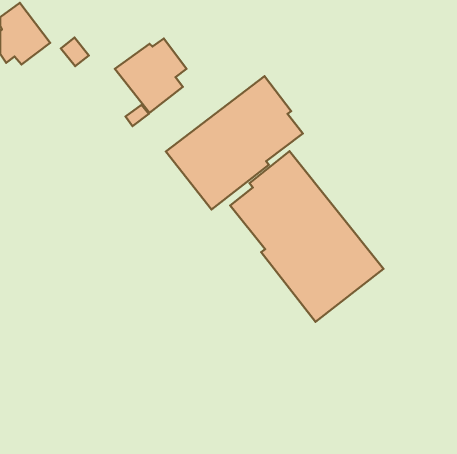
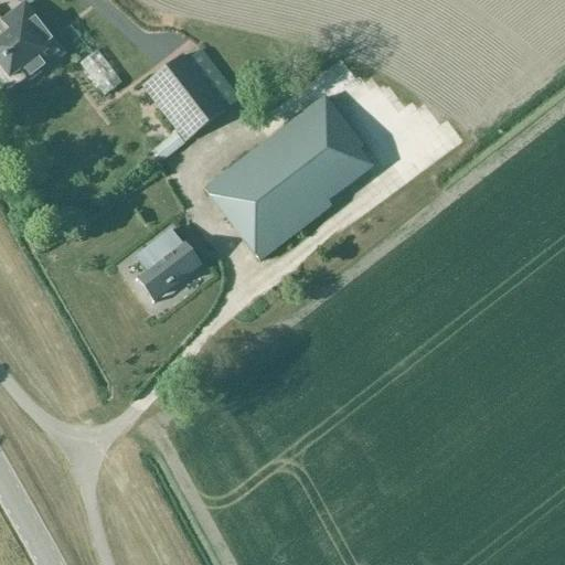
building: [230,151,384,322] -> none
building: none -> [136,227,203,295]

